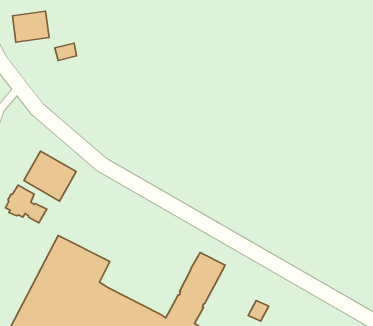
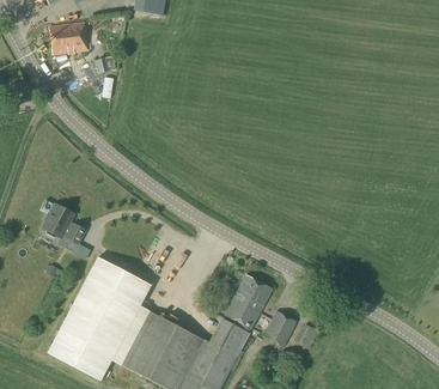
building: [24,151,76,201] -> none
building: none -> [264,311,297,347]

